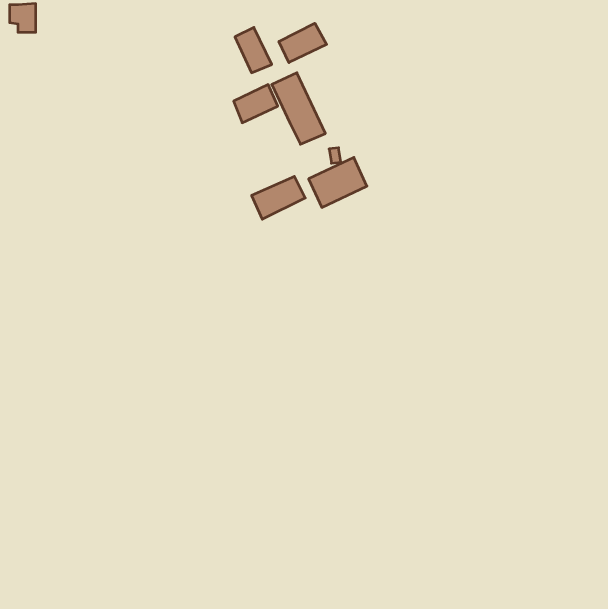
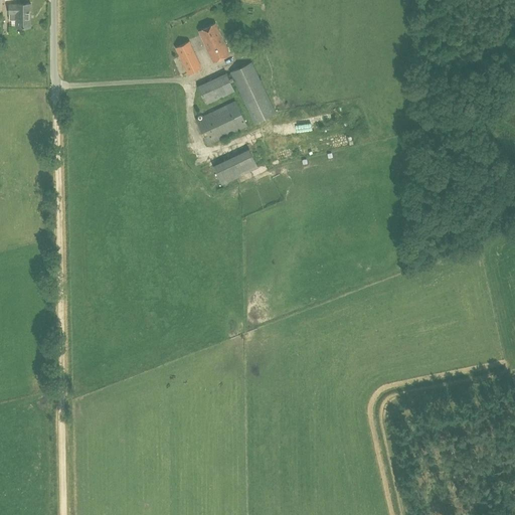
building: [279,23,327,63] -> none
building: none -> [175,41,200,73]
building: [309,157,367,207] -> [196,101,245,143]

